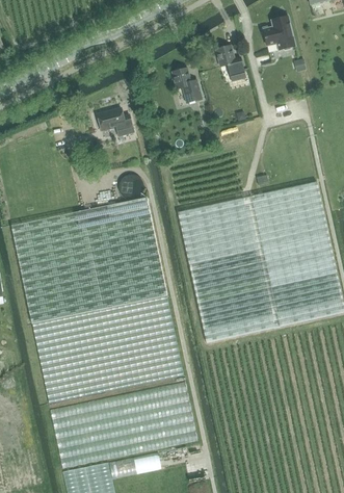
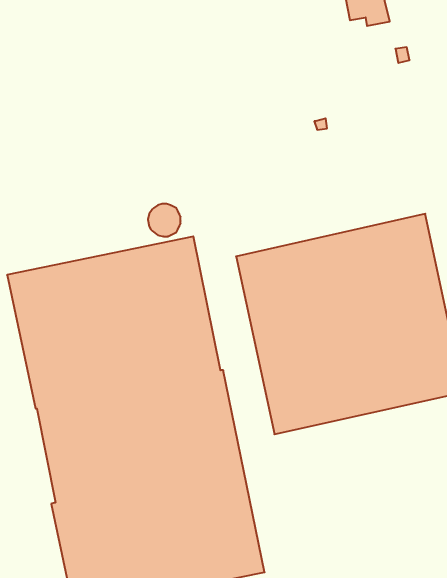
building: [215,45,245,81] -> none
building: [171,68,200,102] -> none
building: [96,107,132,135] -> none

